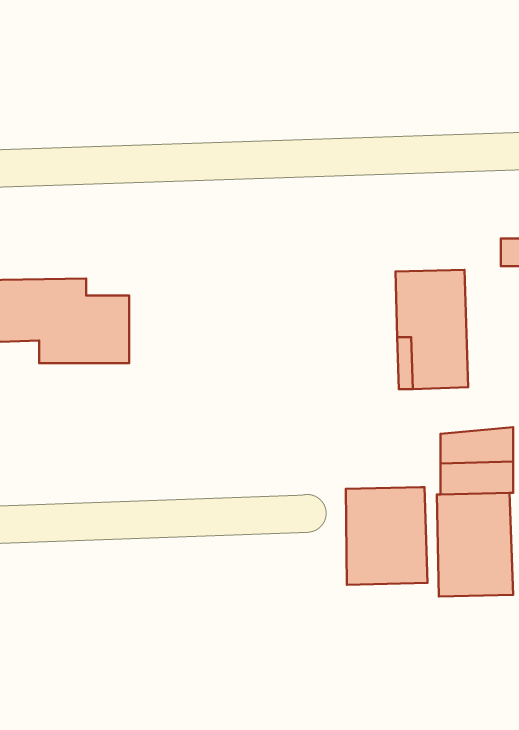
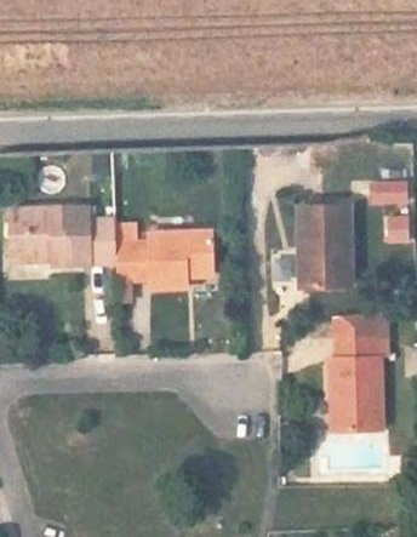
building: none -> [113,232,210,291]
building: [346,487,427,585] -> none

